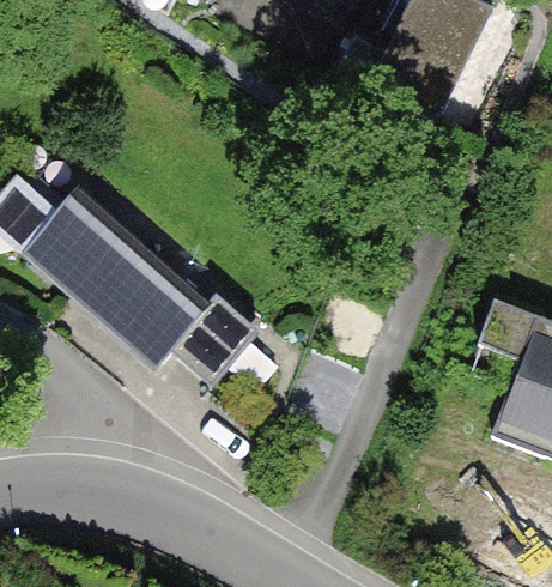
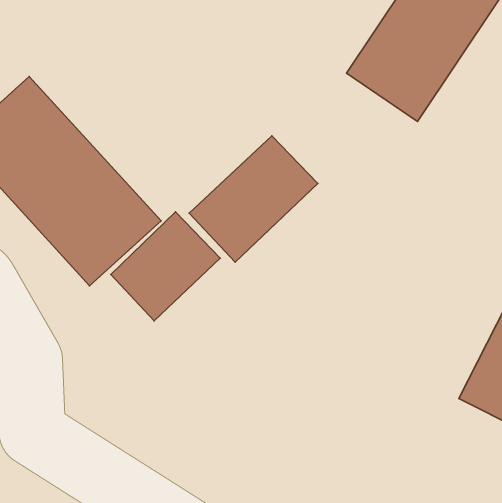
building: none -> [189,136,318,262]

